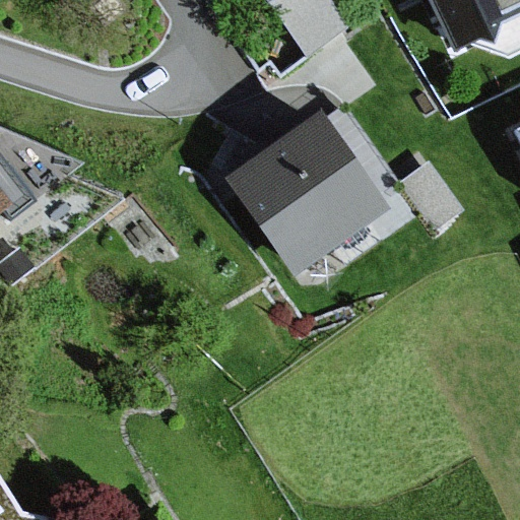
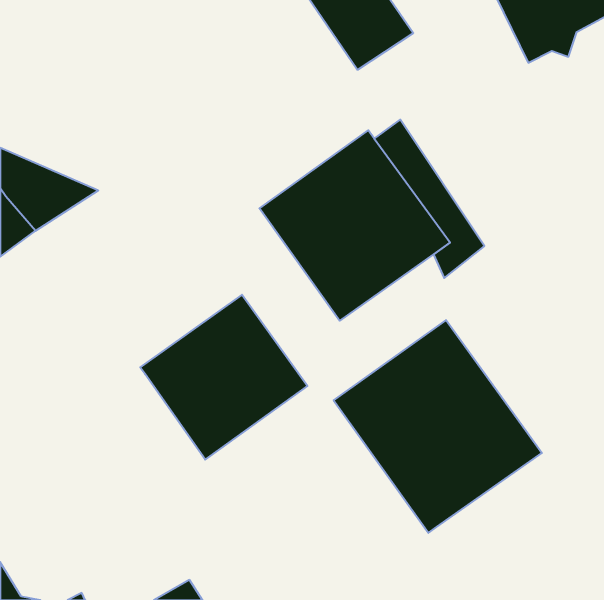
building: none -> [140,295,307,460]
building: none -> [334,320,542,533]

